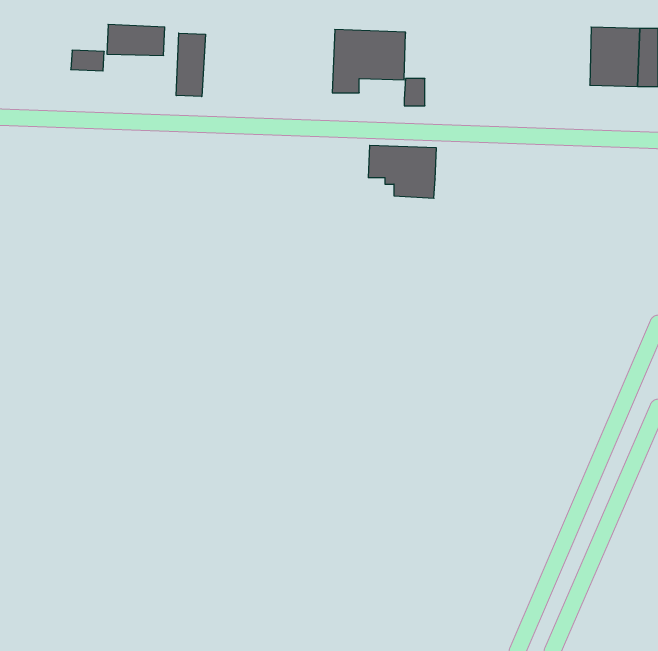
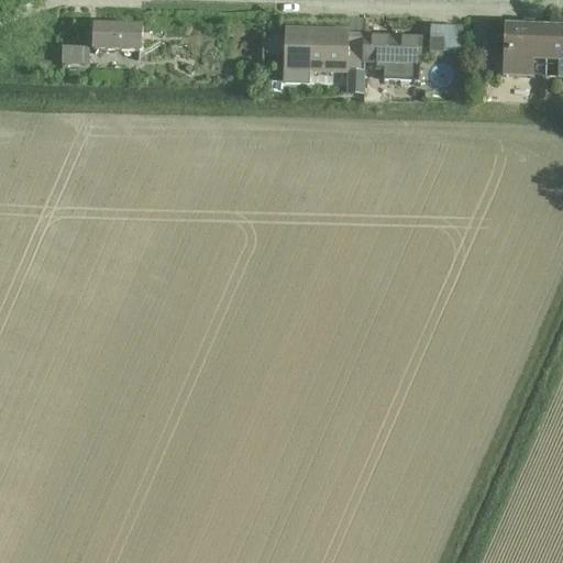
building: none -> [429,22,462,54]
building: [176,33,205,97] -> none
building: [368,145,436,198] -> [362,32,420,77]

